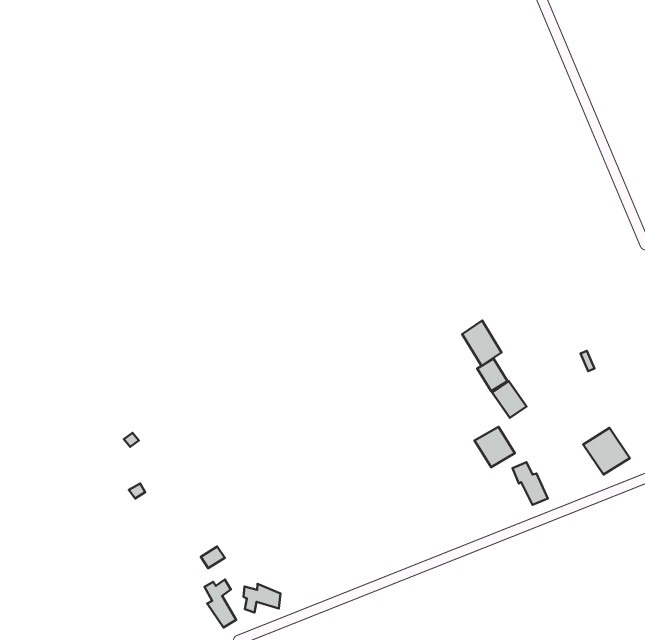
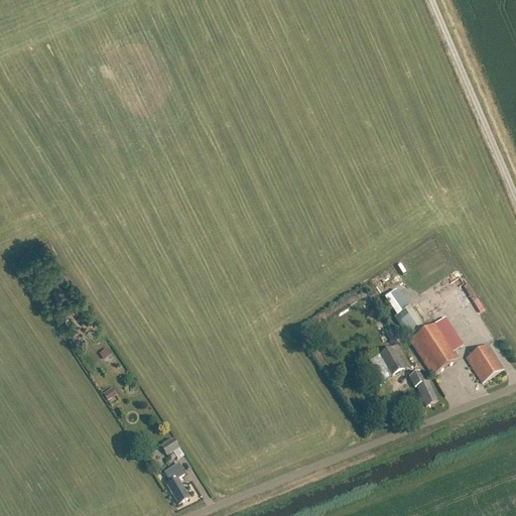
building: [462,321,501,366] -> none
building: none -> [409,320,460,373]
building: [243,584,281,613] -> none

